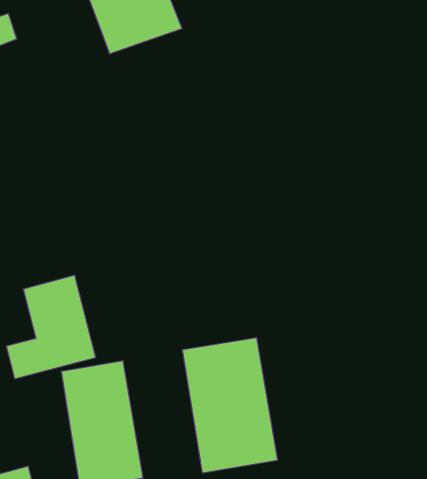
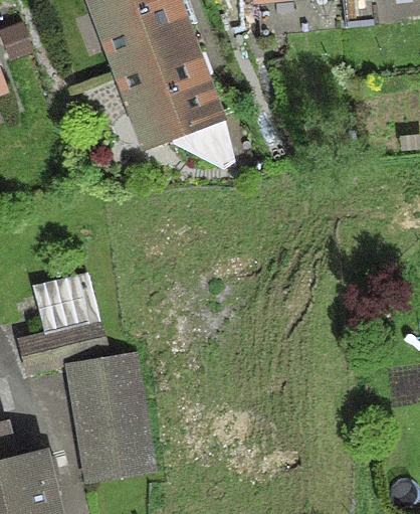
building: none -> [117,37,229,164]
building: [182,337,278,473] -> none

